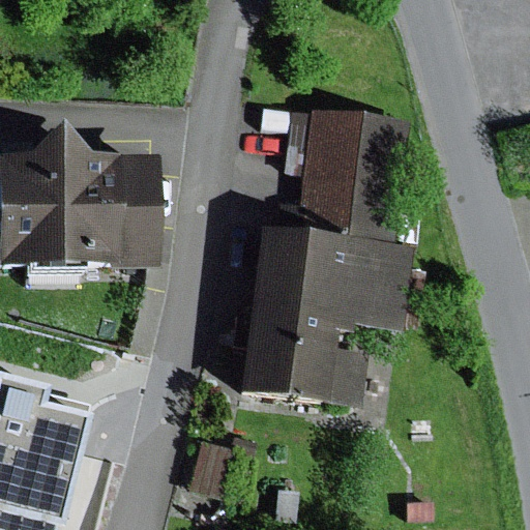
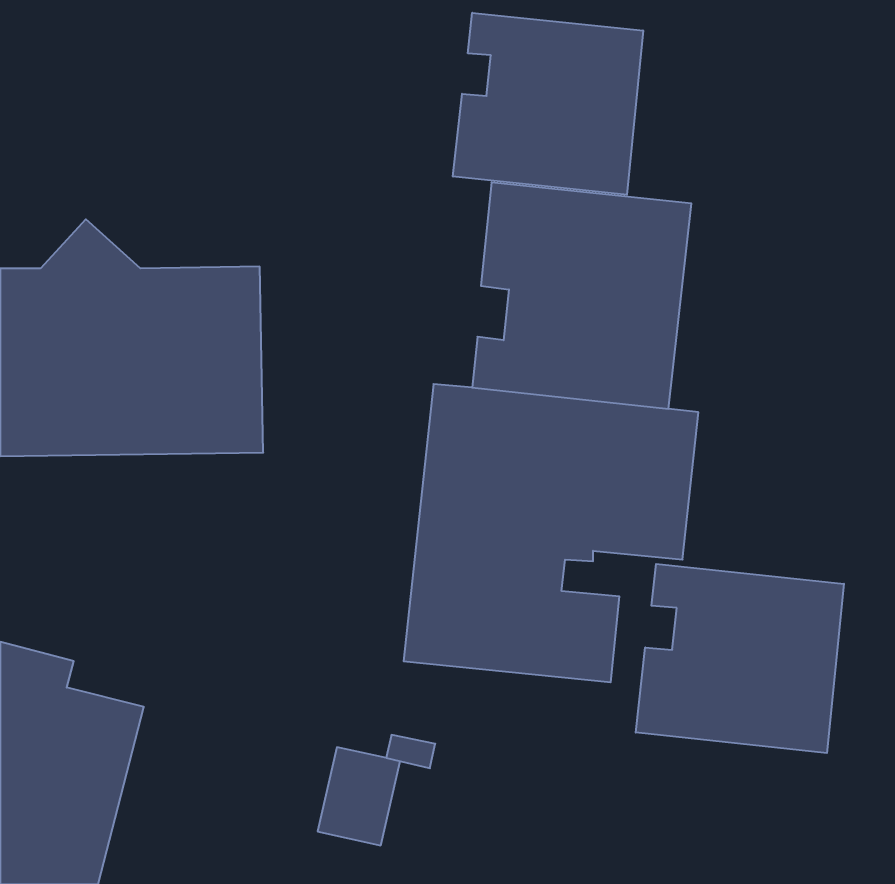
building: none -> [453,13,643,195]
building: none -> [636,564,844,753]

